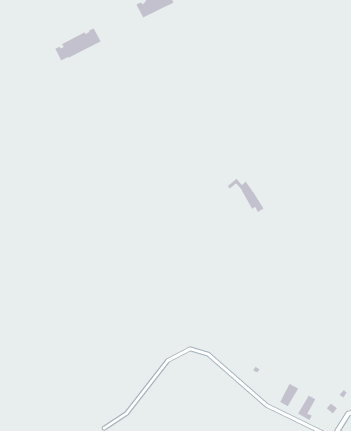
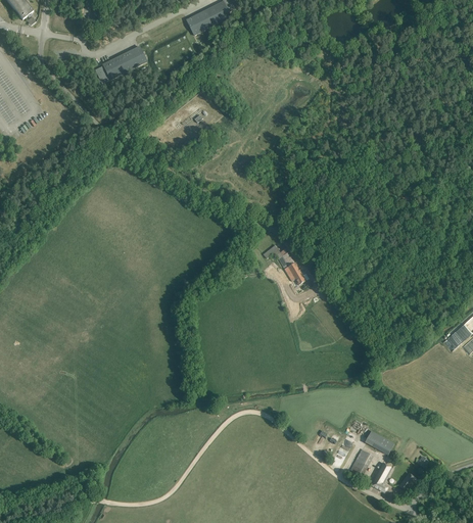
building: [227,178,265,213] -> [264,245,306,285]
building: none -> [366,431,395,456]

